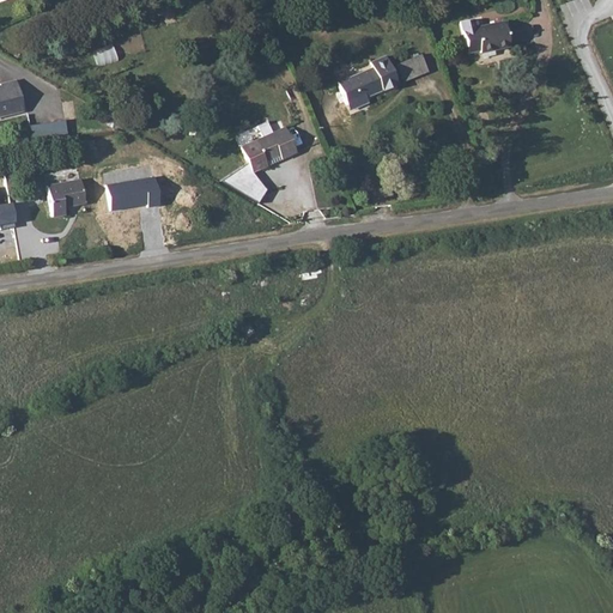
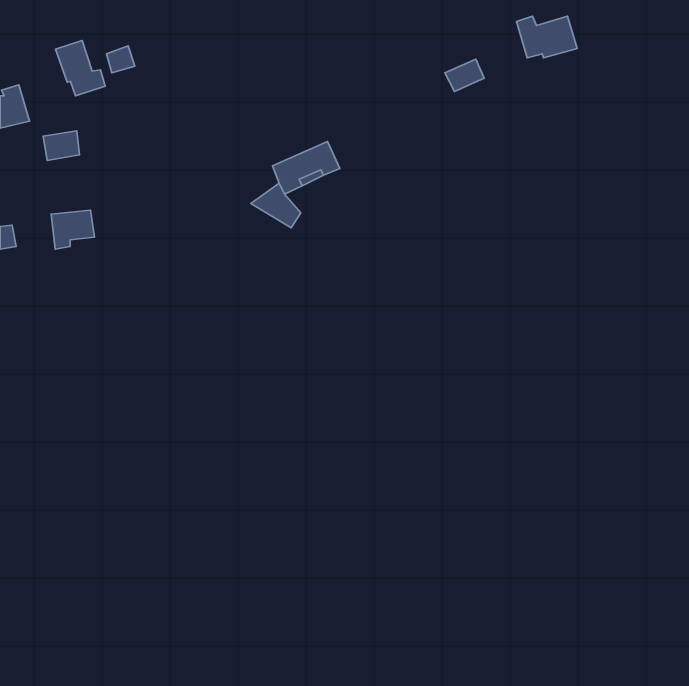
building: none -> [56,40,105,96]
building: [338,55,399,110] -> none
building: [104,175,160,211] -> none

